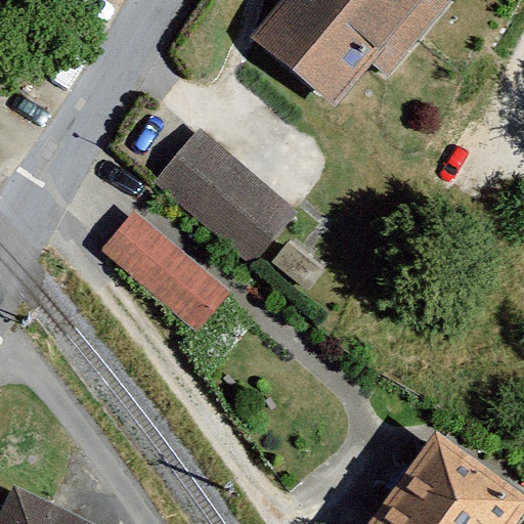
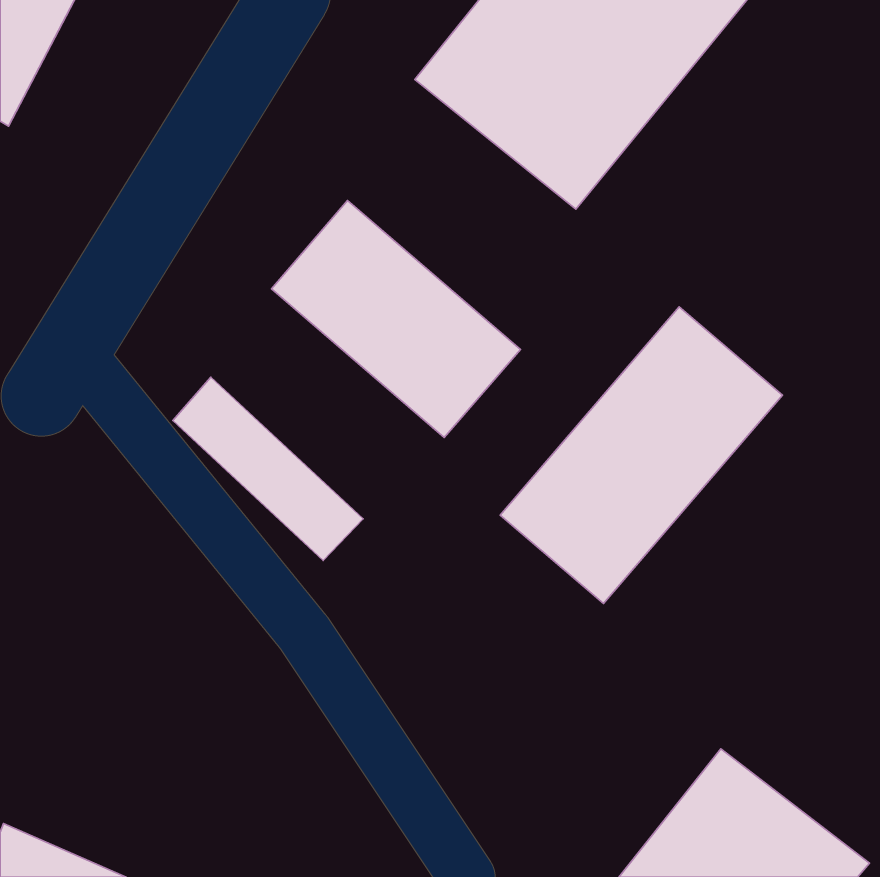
building: none -> [500,307,782,603]

